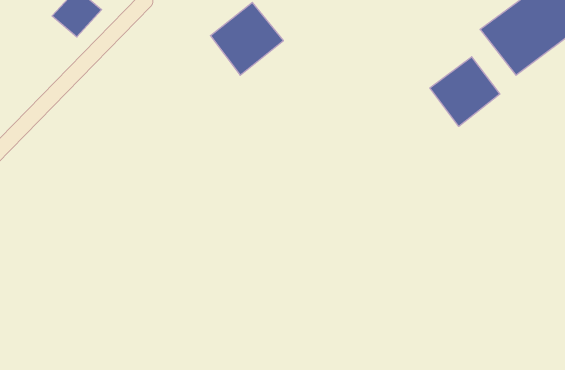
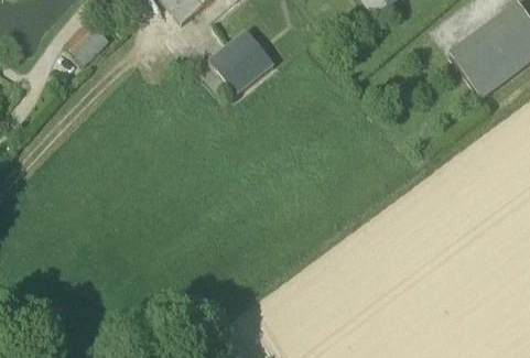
building: [430,57,500,126] -> none

